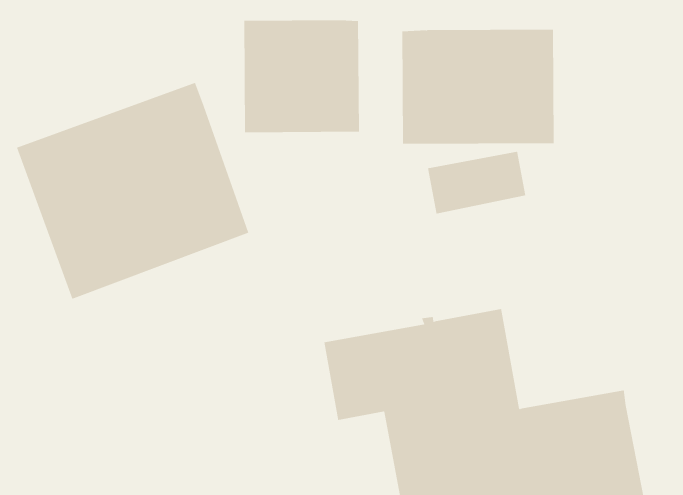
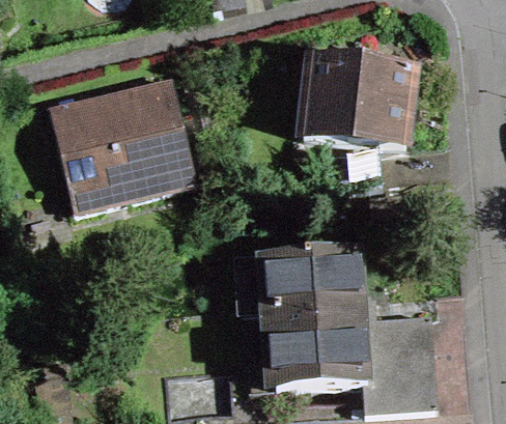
building: [244,19,359,133] -> none

